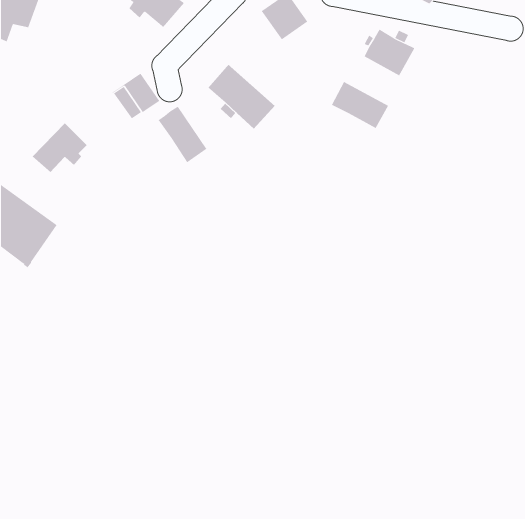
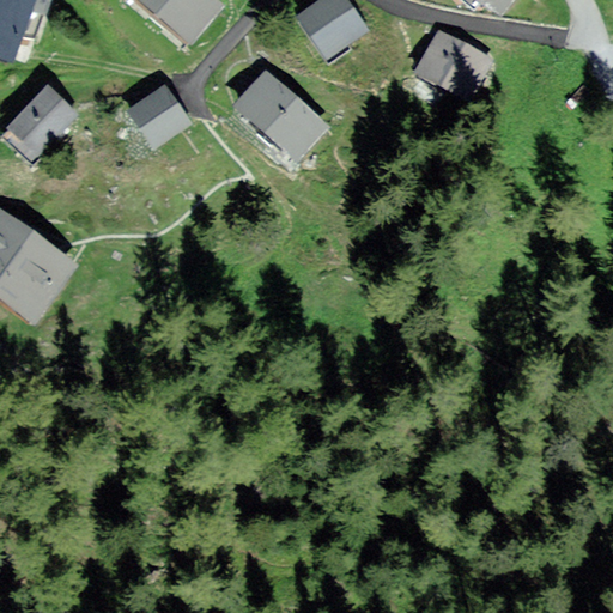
building: [331,81,389,129] -> none
building: [158,106,207,163] -> none
building: [32,123,87,173] -> [10,84,74,142]

